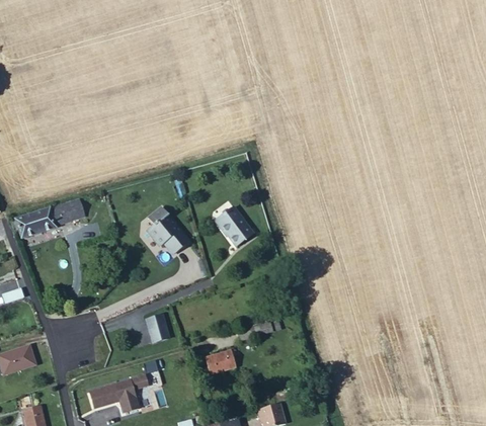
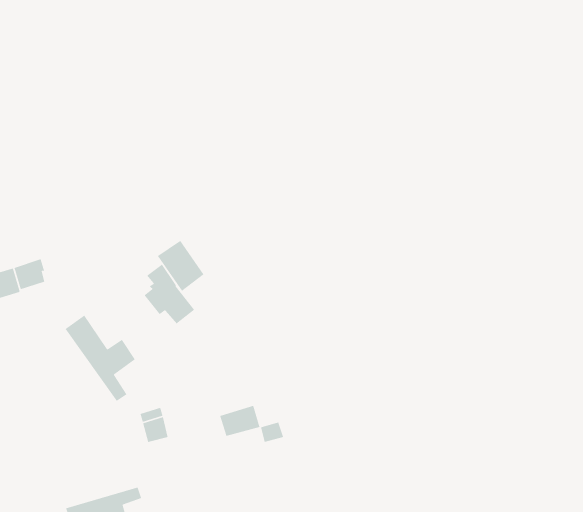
building: [217,207,253,247] -> [157,240,204,292]
building: none -> [64,315,136,402]
building: [205,350,236,374] -> [219,405,260,437]

